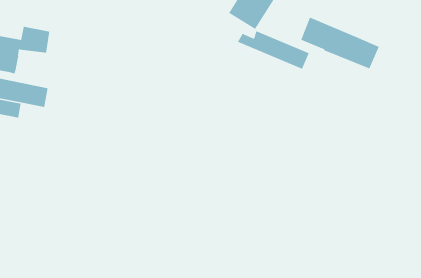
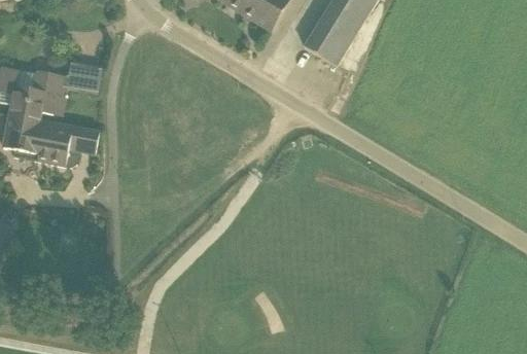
building: [300,17,380,69] -> none
building: [237,30,310,70] -> none

